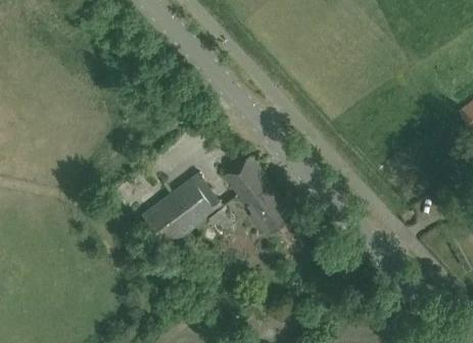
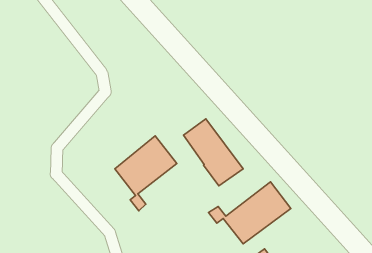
building: none -> [209,182,291,244]

